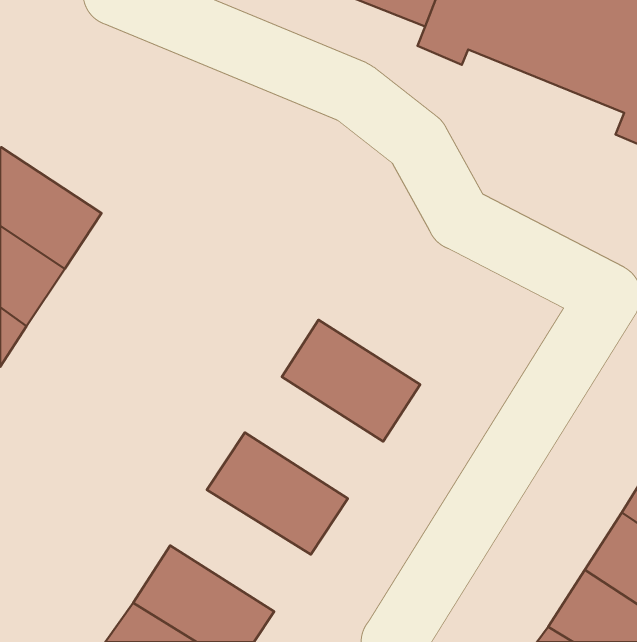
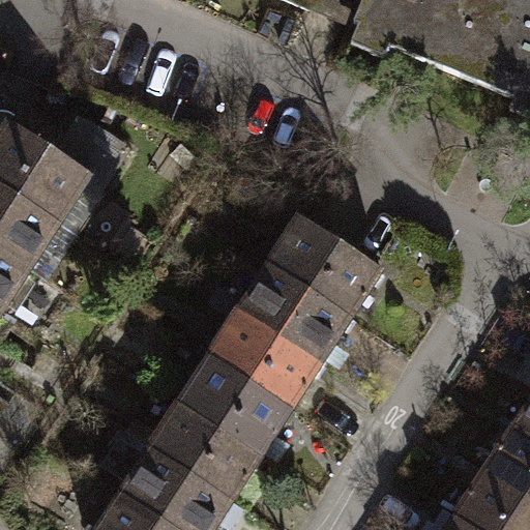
building: none -> [269,215,382,314]
building: none -> [209,307,322,407]
building: none -> [148,400,263,499]

